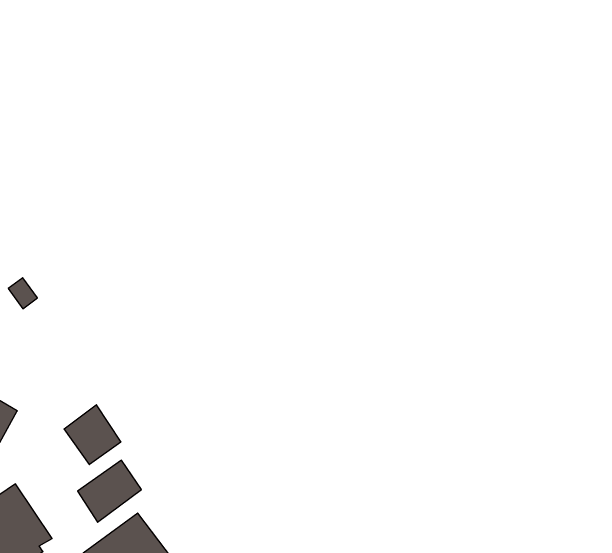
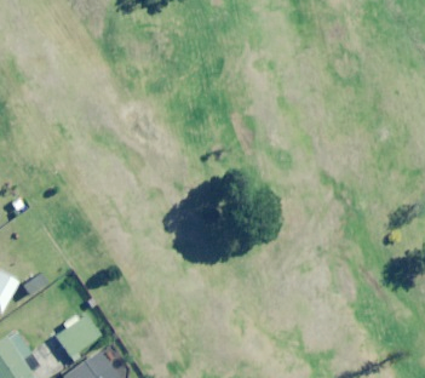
building: [64,405,121,465] -> none

